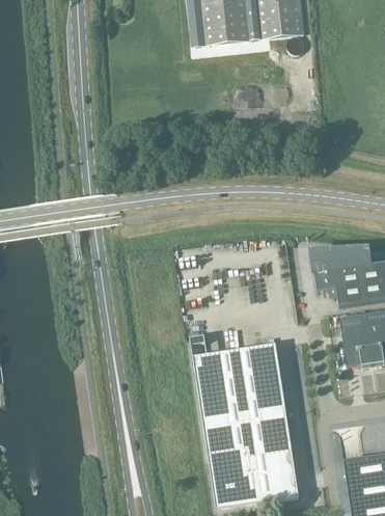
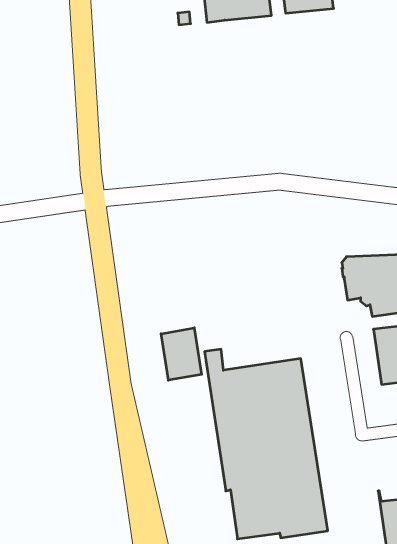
building: none -> [161,328,202,380]

